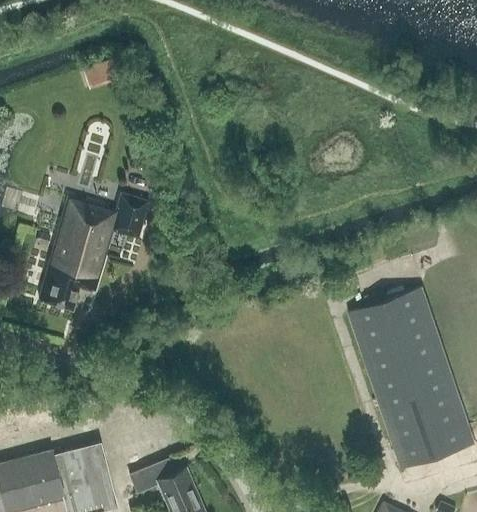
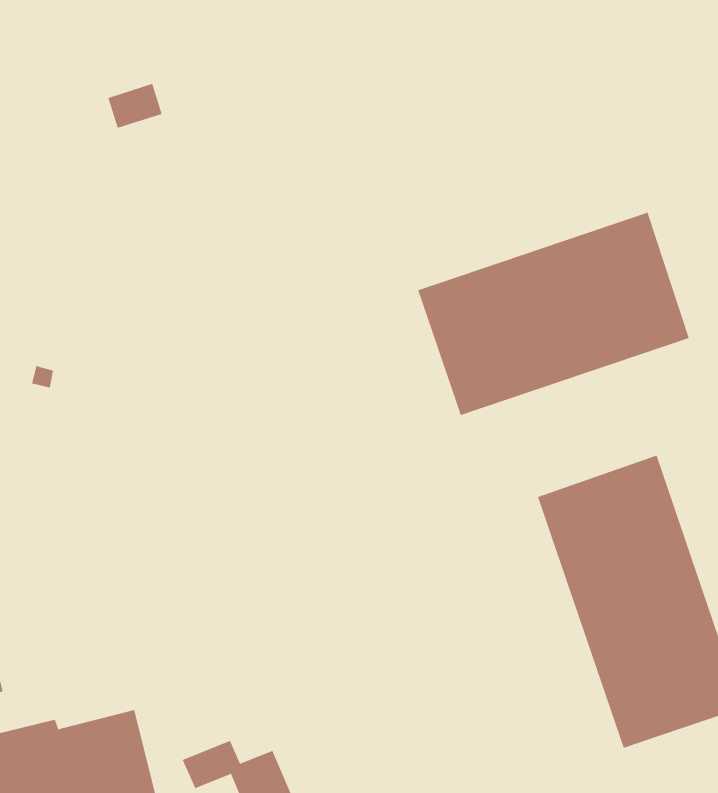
building: none -> [418,212,690,416]
building: [39,196,146,310] -> none

